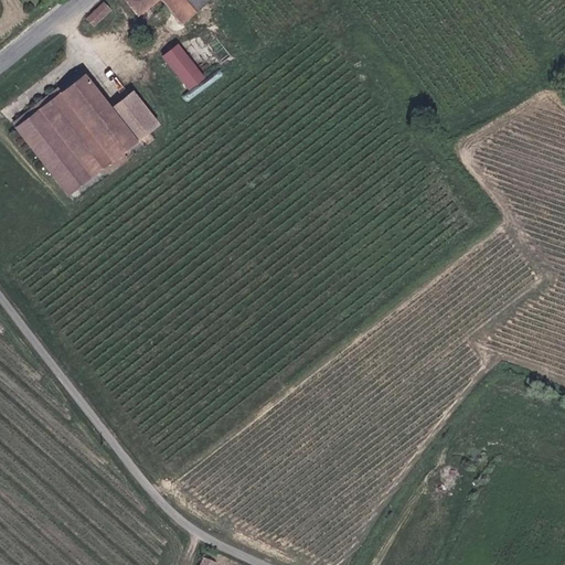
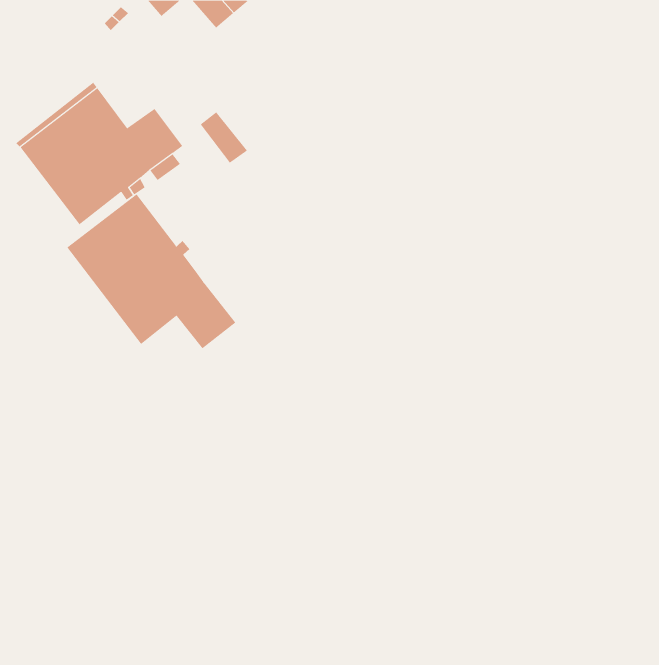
building: [166,45,206,89] -> [200,111,248,163]
building: none -> [66,193,236,349]

